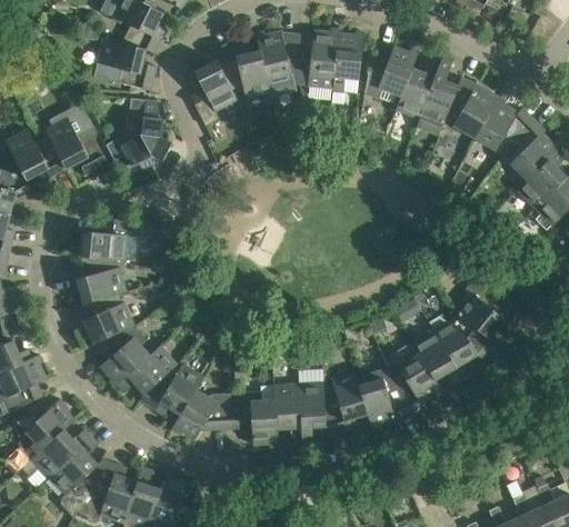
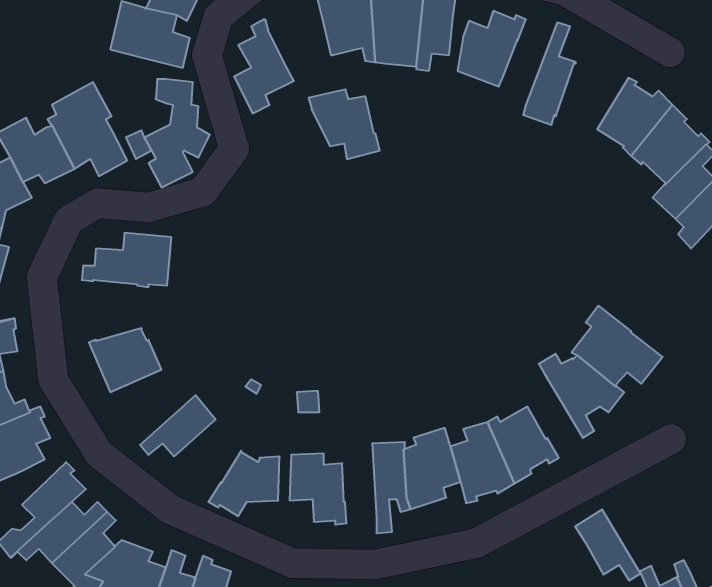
building: [214,44,270,99] -> [308,89,380,159]
building: [395,59,439,118] -> none
building: [441,77,498,137] -> none
building: [71,255,126,302] -> none
building: [93,325,149,386] -> none
building: [411,328,462,384] -> [575,509,641,581]
building: [139,364,203,414] -> none
building: [273,382,301,441] -> none

